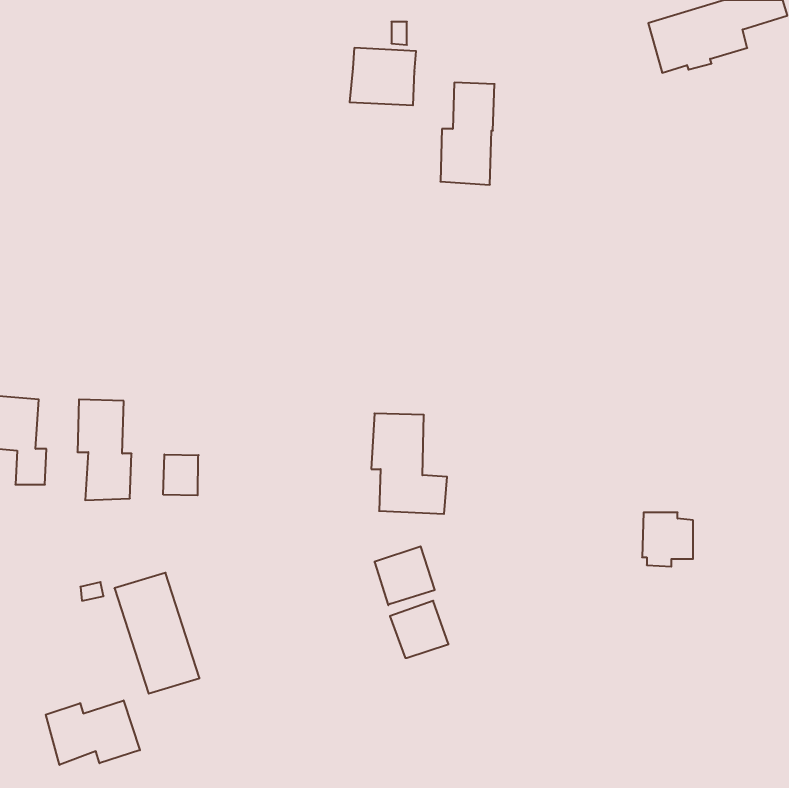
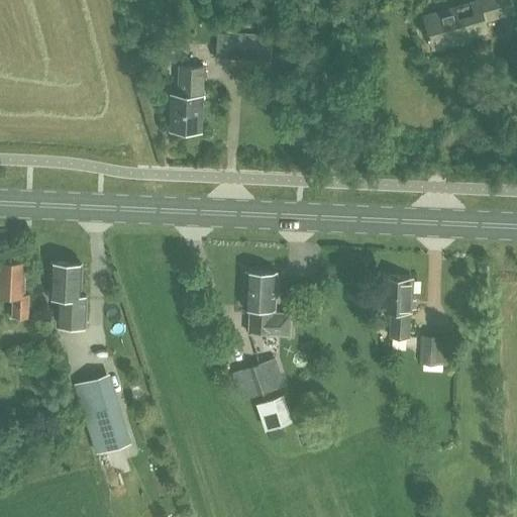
building: [440,83,495,185] -> [169,66,204,132]
building: none -> [382,278,410,339]
building: [163,454,199,495] -> none
building: [46,700,140,765] -> none

